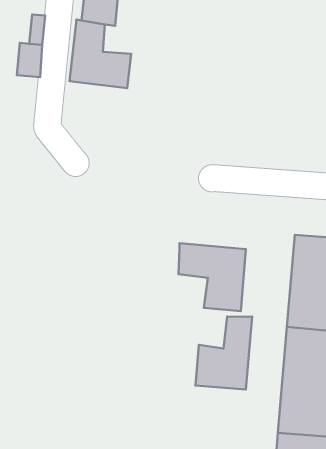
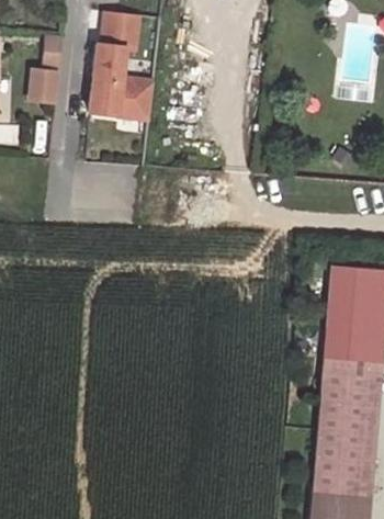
building: [179,243,246,311] -> none
building: [195,317,252,390] -> none

